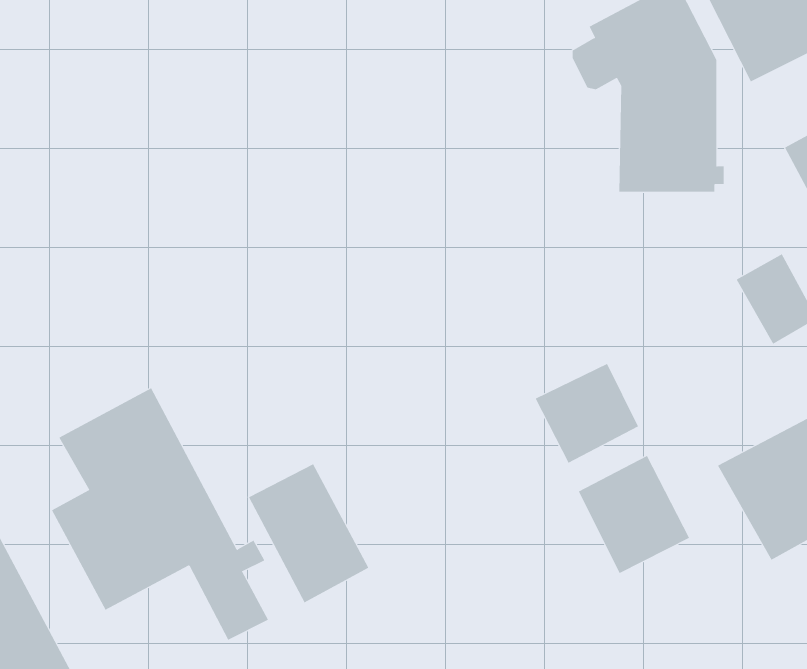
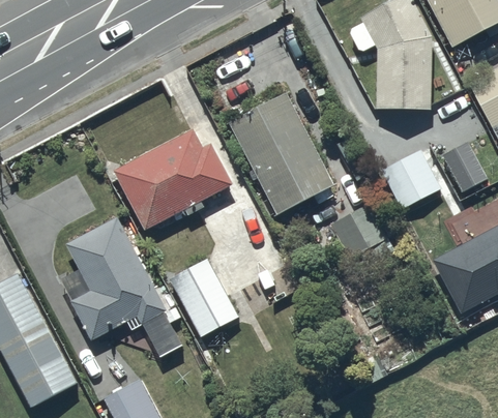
building: none -> [228,91,333,213]
building: none -> [114,129,232,230]
building: none -> [381,150,441,210]
building: [578,455,690,574] -> none

